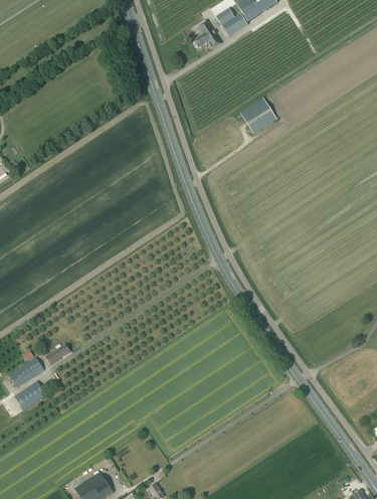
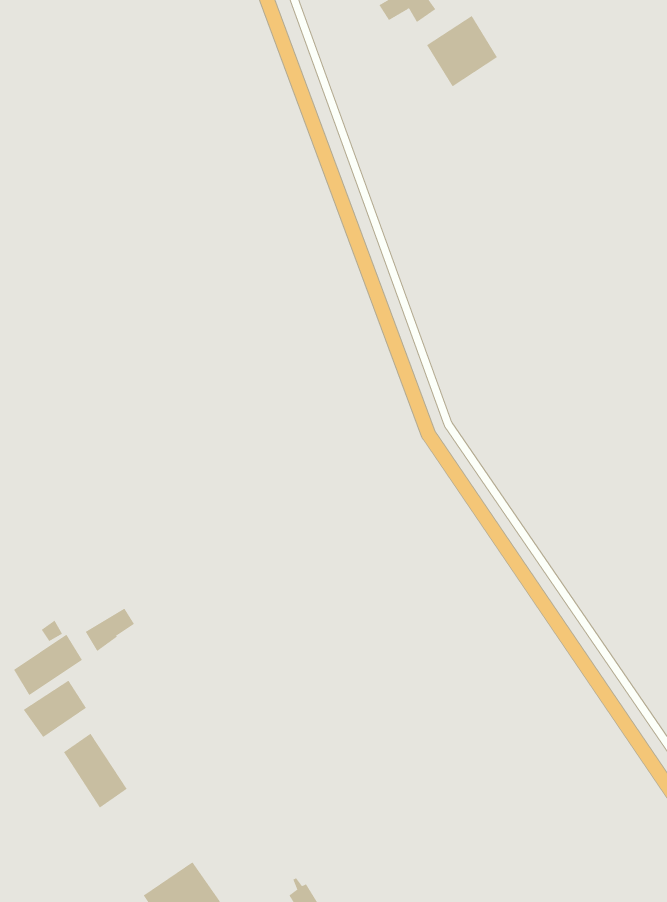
building: [240,97,276,133] -> [426,15,498,87]
building: none -> [63,733,127,808]

